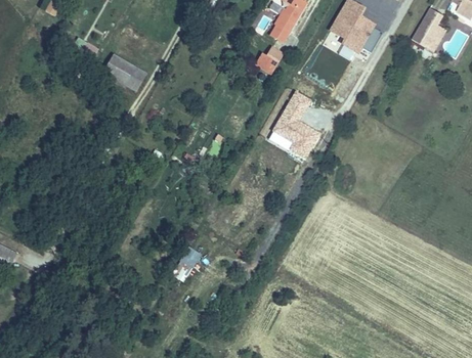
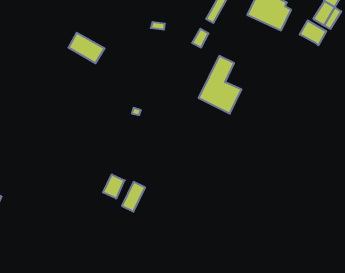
building: none -> [300,20,326,45]
building: none -> [103,174,125,199]

